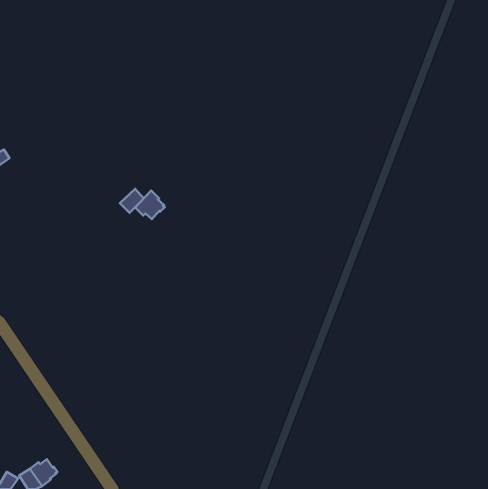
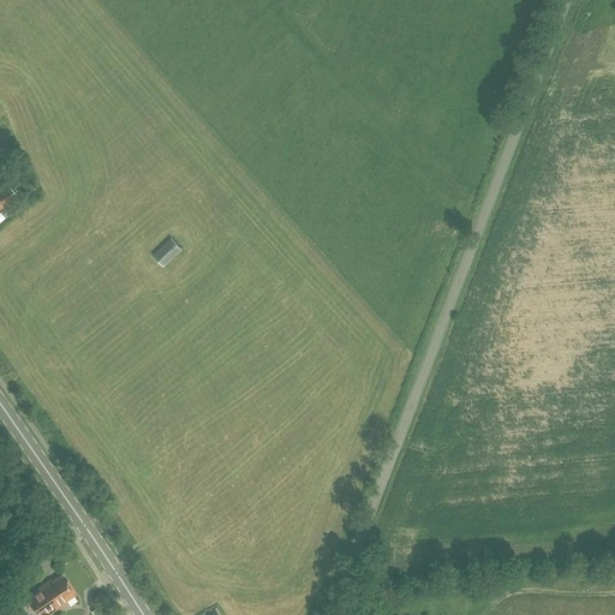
building: [135,191,165,219] -> none

